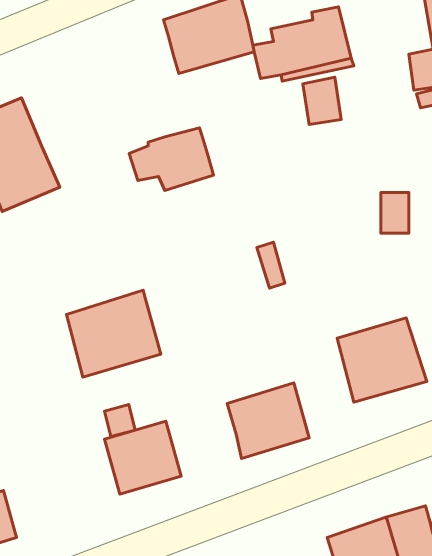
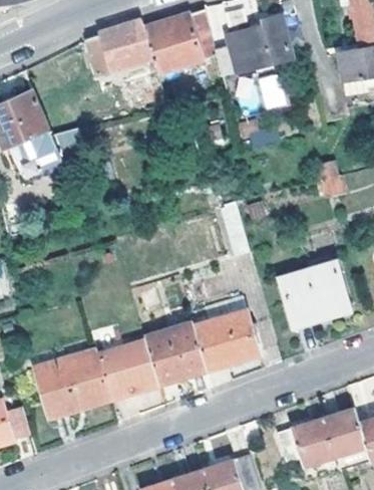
building: [129,128,213,191] -> [87,18,153,67]
building: [66,290,161,377] -> [37,349,111,418]
building: none -> [146,324,207,386]

